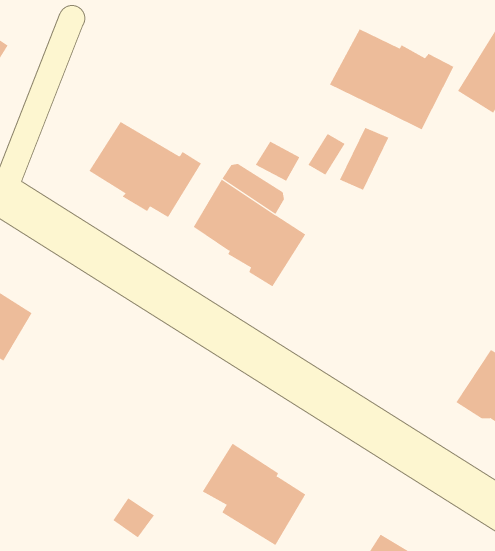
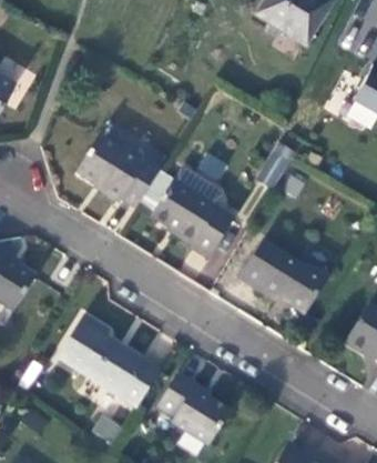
building: [329,29,454,130] -> none
building: none -> [240,241,327,313]
building: none -> [57,313,157,404]

